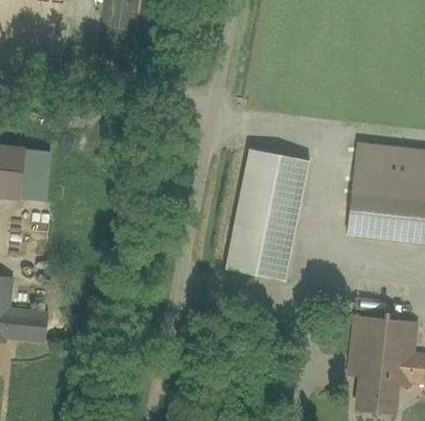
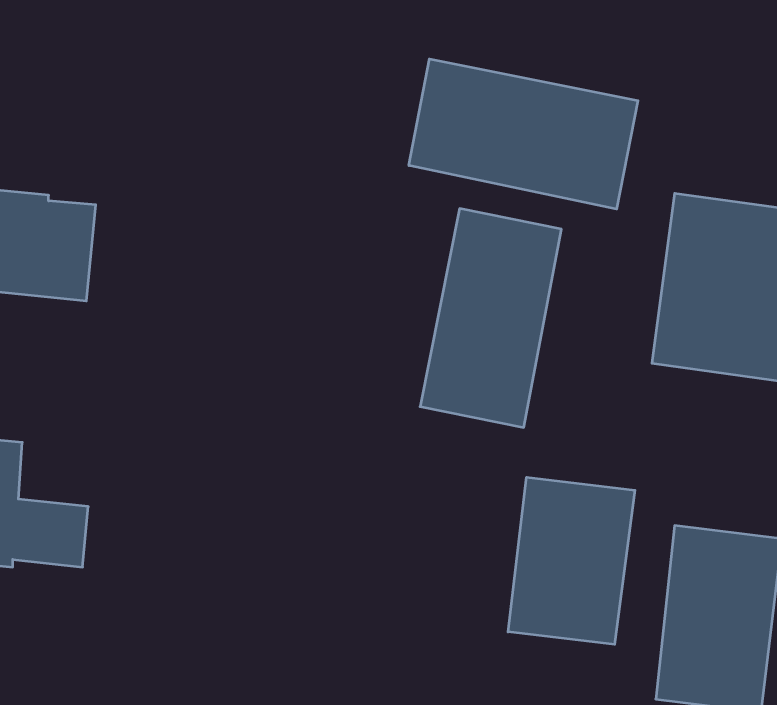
building: none -> [409,59,638,209]
building: none -> [508,477,635,644]

